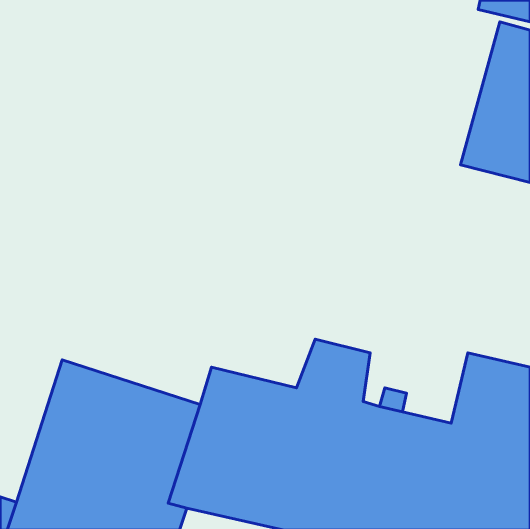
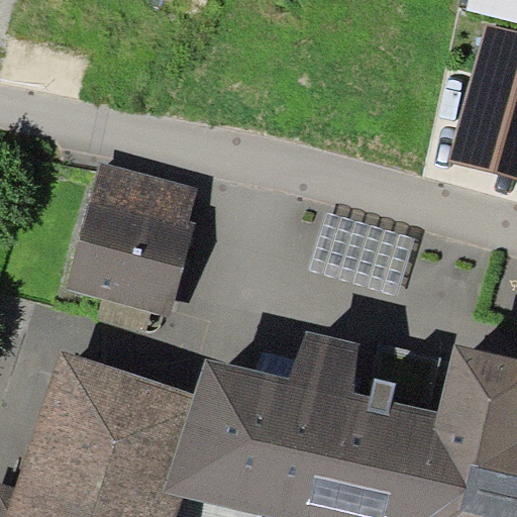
building: none -> [67,163,198,316]

